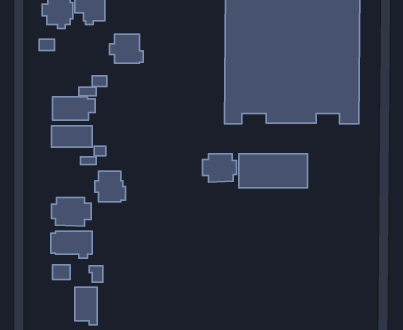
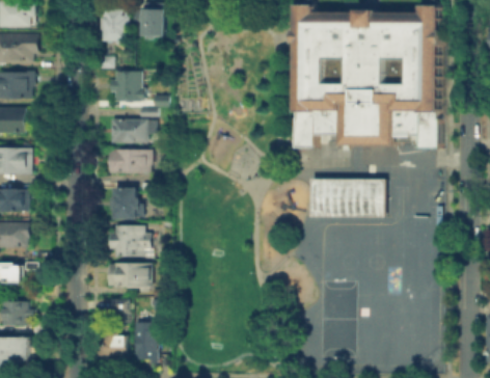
building: [110,34,143,63] -> [108,70,144,101]
building: [203,154,236,182] -> none
building: [95,171,126,202] -> [108,186,141,219]
building: none -> [104,332,128,358]

